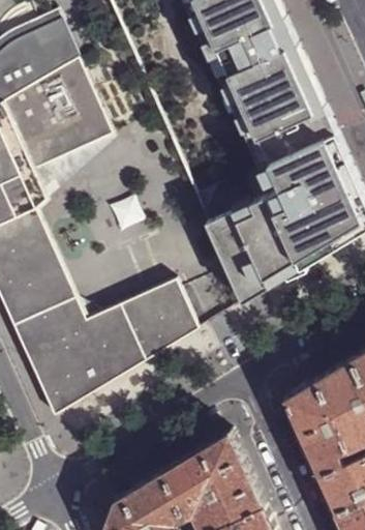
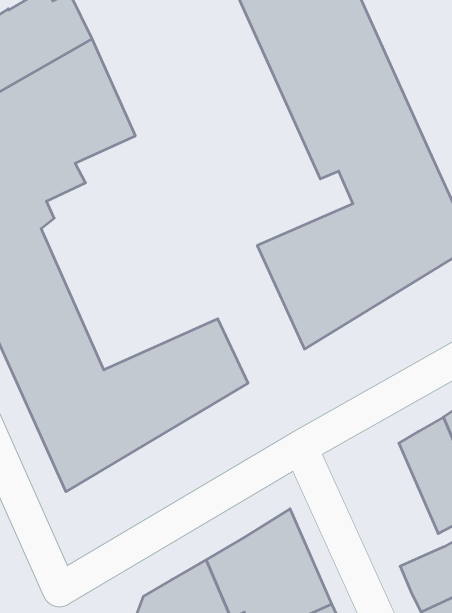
building: [284,377,354,474] -> none

